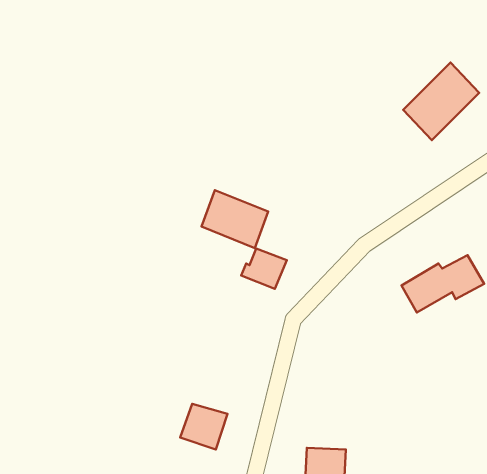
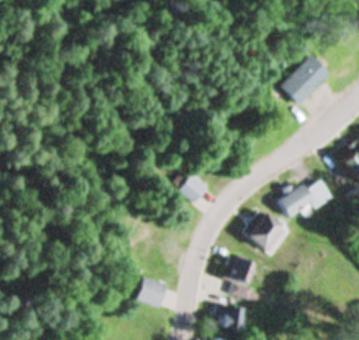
building: [201,190,268,248] -> none
building: none -> [244,213,281,250]
building: none -> [220,256,253,297]

